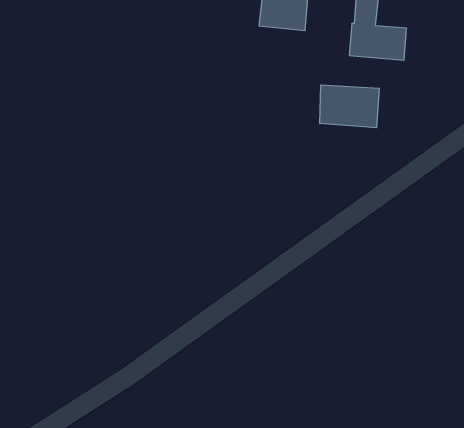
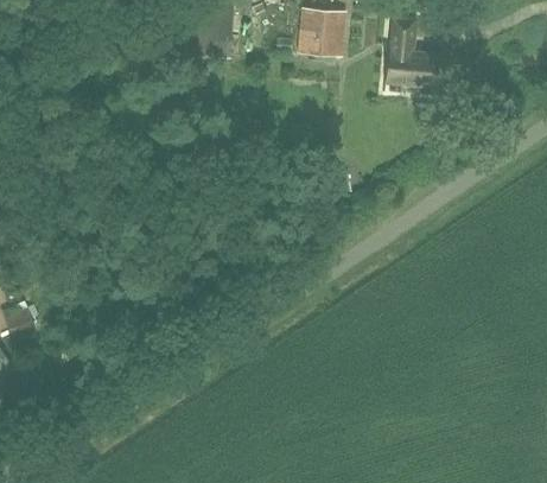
building: [320,85,379,128] -> none

